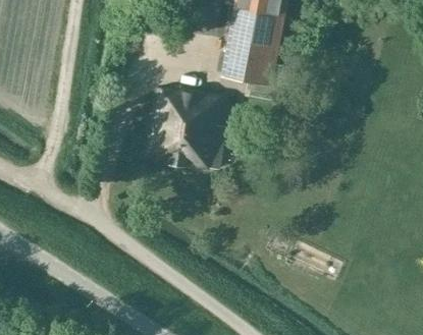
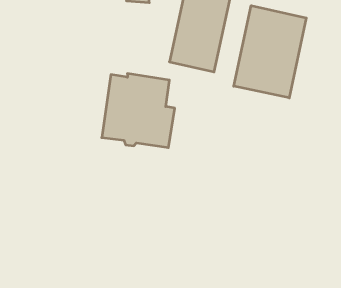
building: none -> [234,6,306,98]

